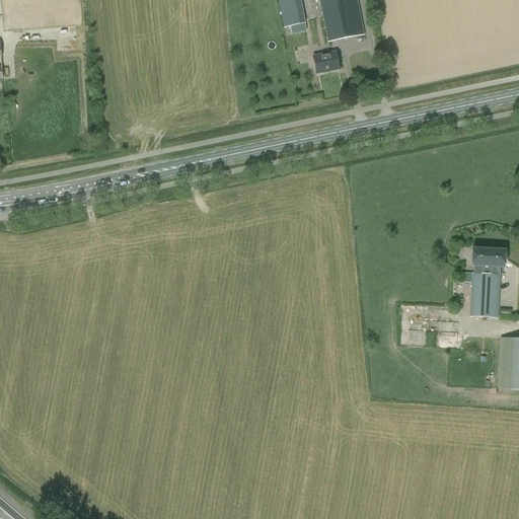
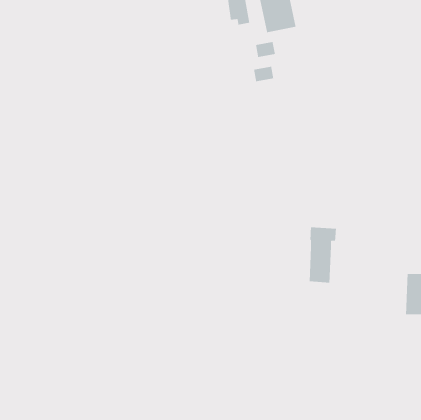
building: none -> [253,66,274,82]
building: [471,246,506,316] -> [309,227,337,283]

